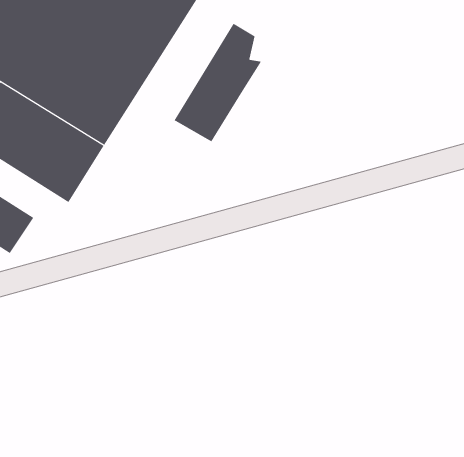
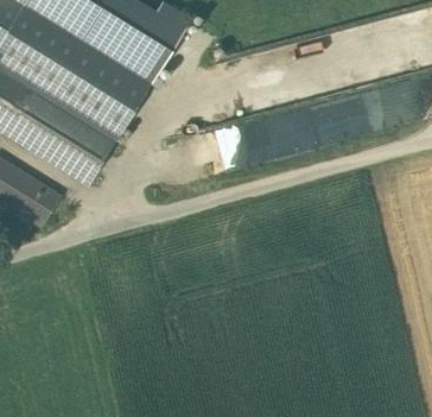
building: [174,23,262,142] -> none

